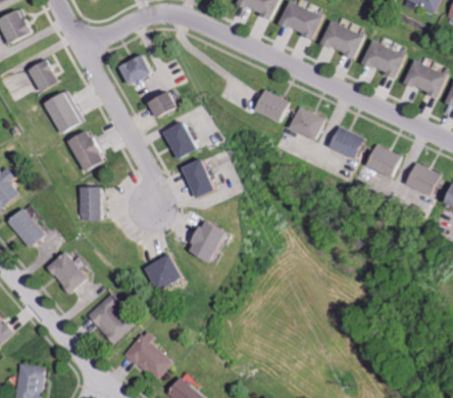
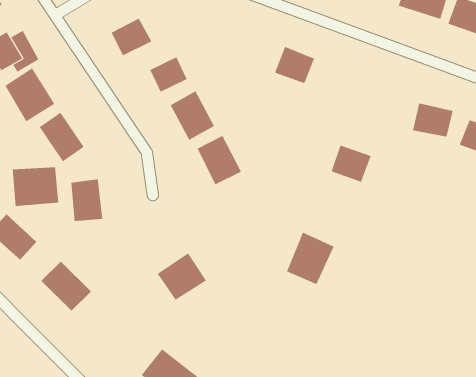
building: [289,107,324,138] -> none
building: [330,126,364,158] -> [331,145,372,183]
building: none -> [12,167,59,207]
building: [192,218,234,263] -> [286,232,334,285]
building: [77,293,127,343] -> none

